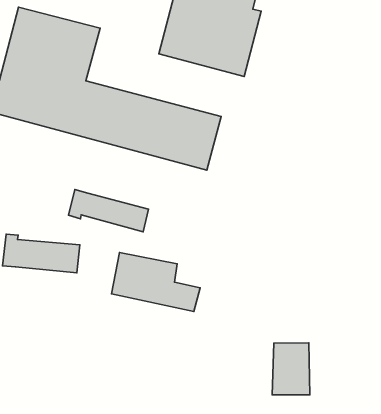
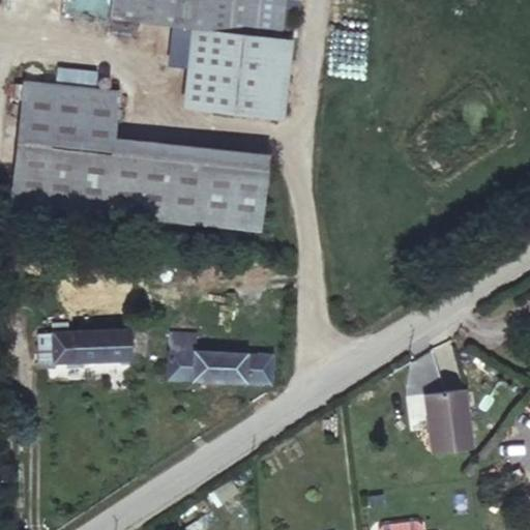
building: [69,189,149,232] -> none
building: [272,343,310,395] -> [430,388,477,451]

